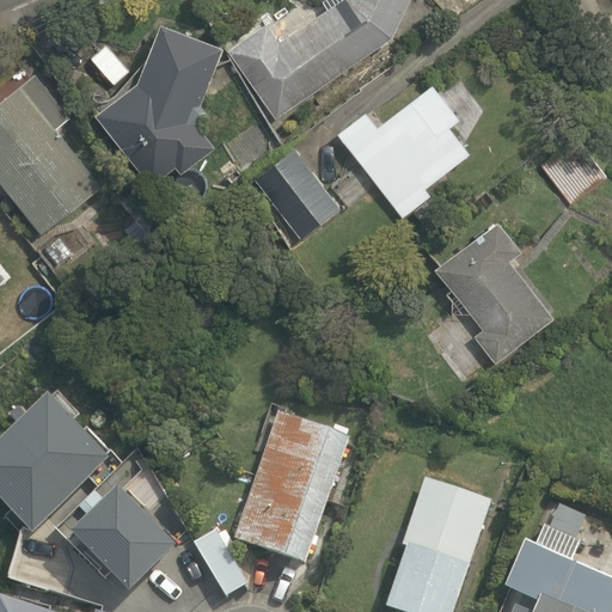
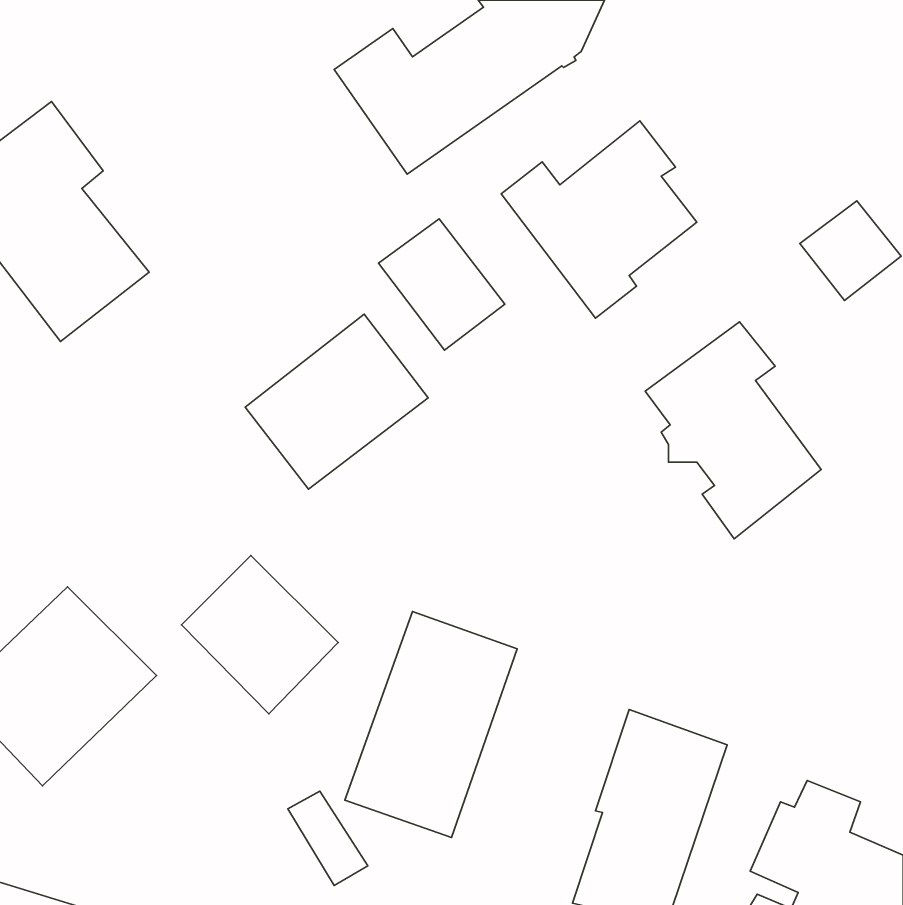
building: [94,20,224,185] -> none
building: none -> [245,314,428,489]
building: [72,488,177,594] -> [182,556,338,714]

